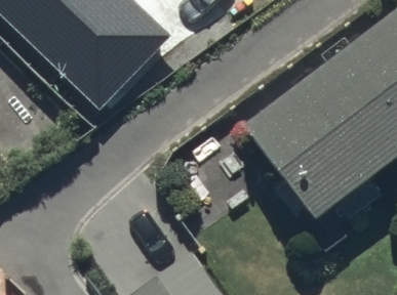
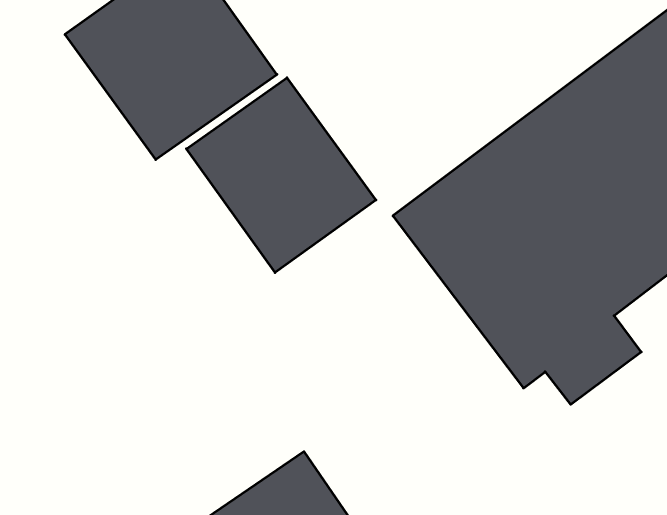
building: none -> [186,78,376,273]

